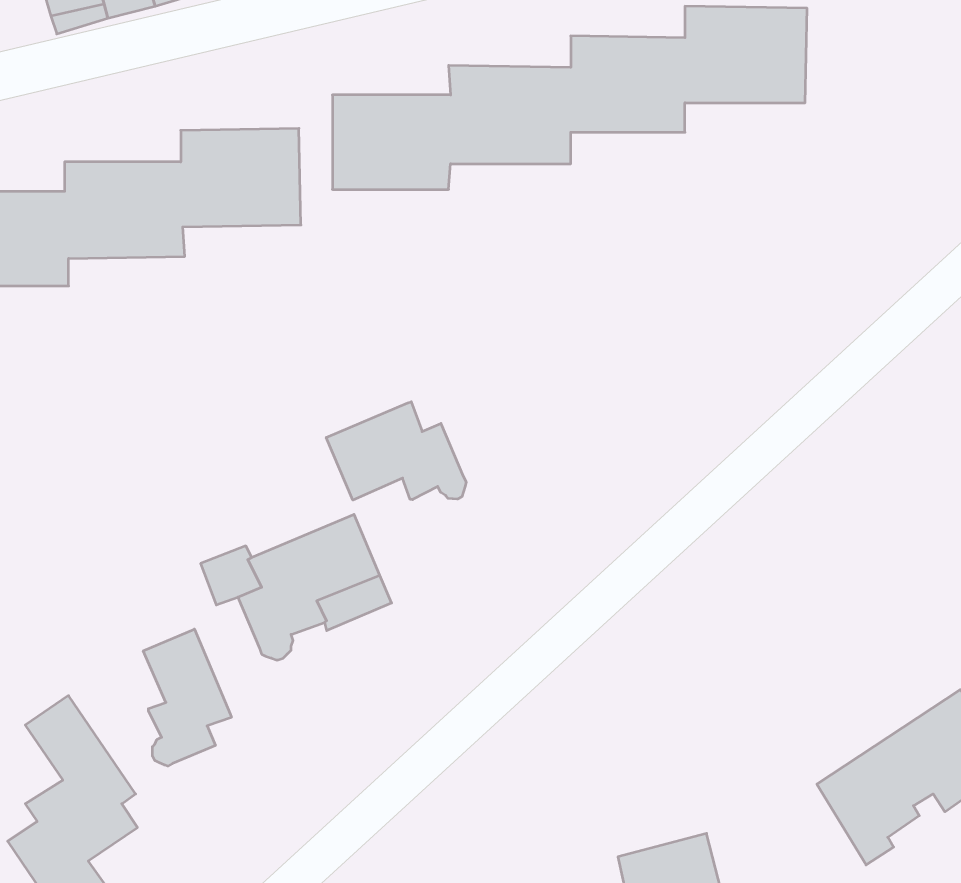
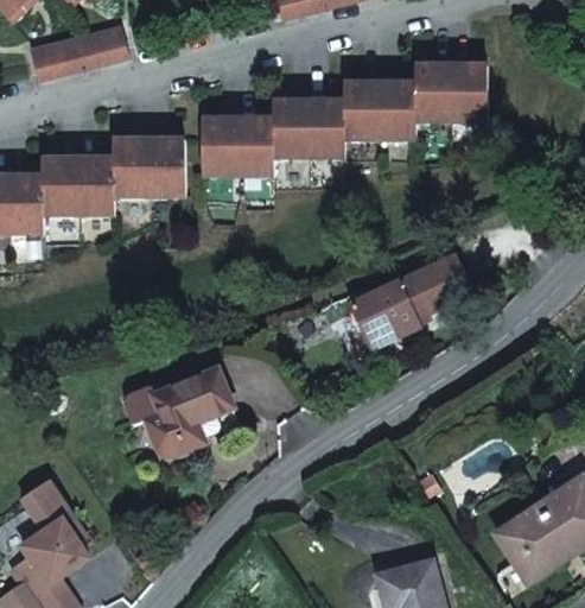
building: none -> [343,256,464,341]
building: [326,402,466,500] -> none
building: [143,629,231,766] -> none

